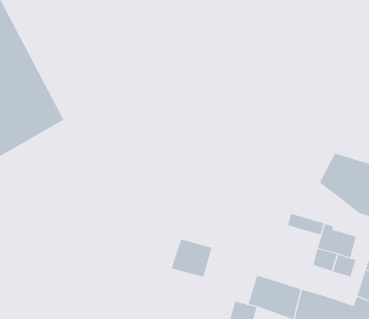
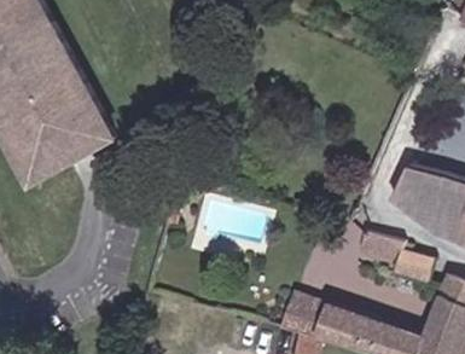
building: [171,239,212,277] -> [277,294,322,336]

